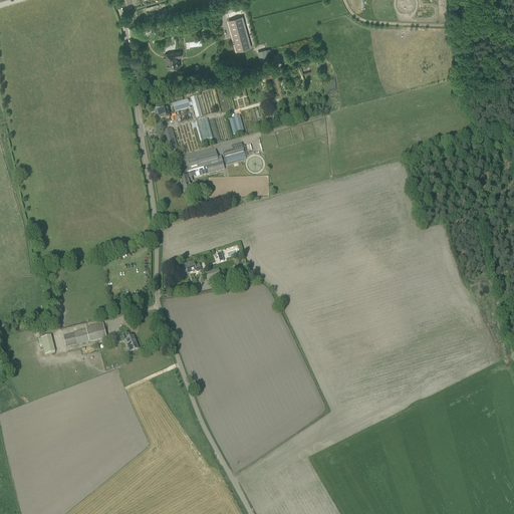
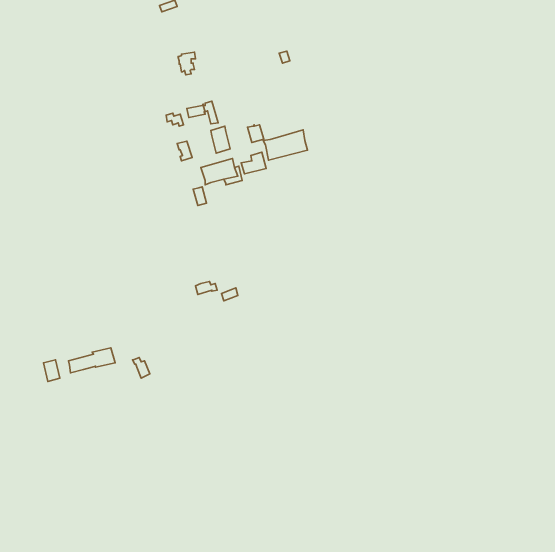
building: [228,14,250,49] -> none
building: none -> [263,130,308,160]

